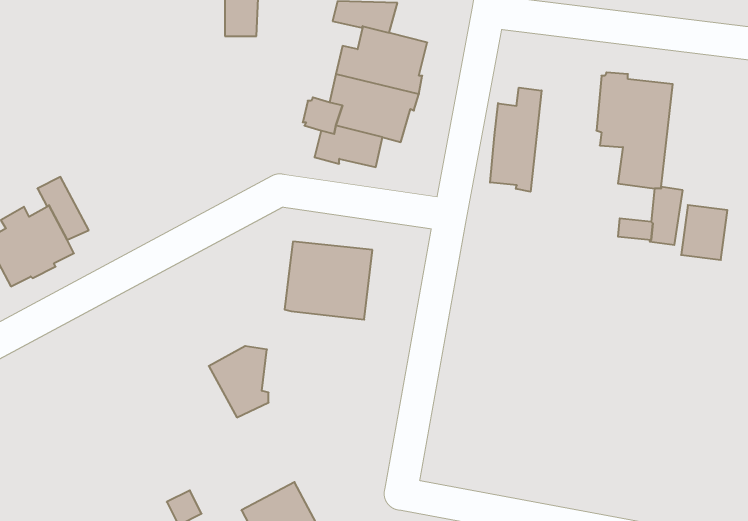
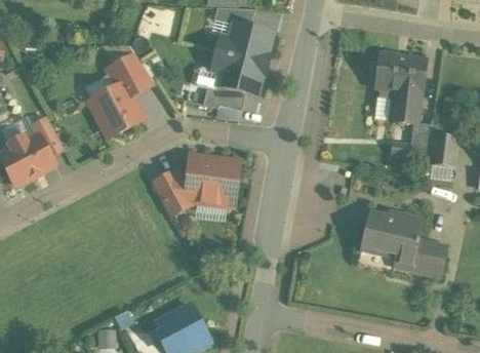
building: none -> [90,53,155,136]
building: [490,88,542,192] -> none
building: none -> [358,211,447,276]
building: [209,346,269,417] -> [152,170,189,214]

